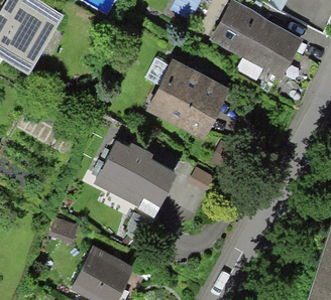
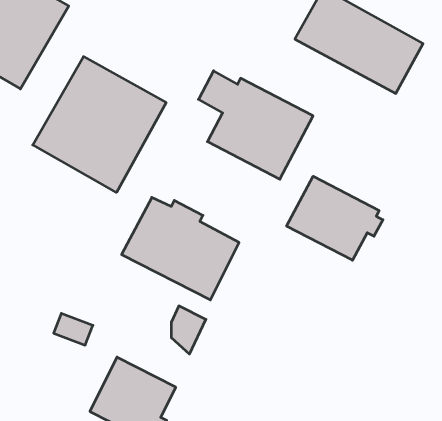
building: none -> [33,57,166,192]
building: none -> [287,176,383,260]

